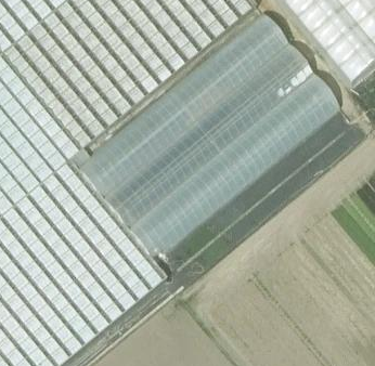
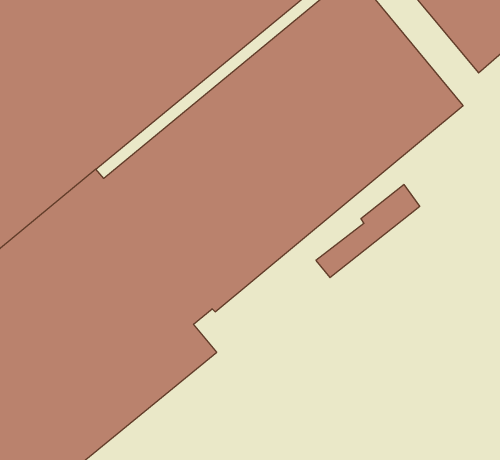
building: [311,118,358,160] -> none

